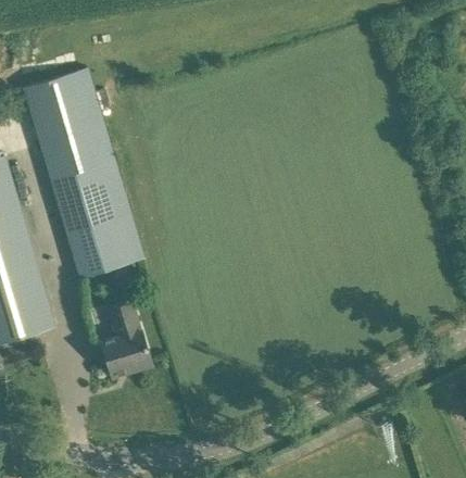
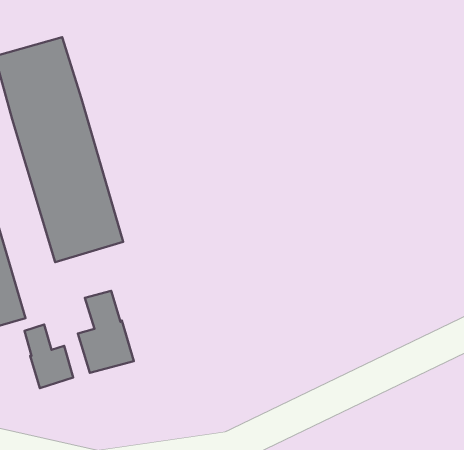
building: none -> [24,325,73,388]

